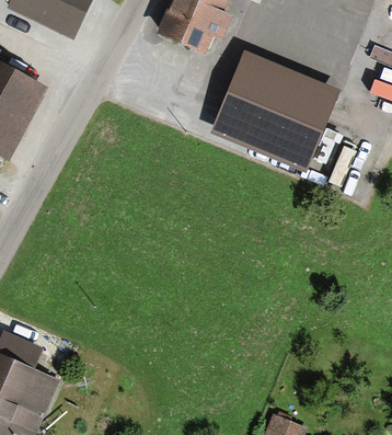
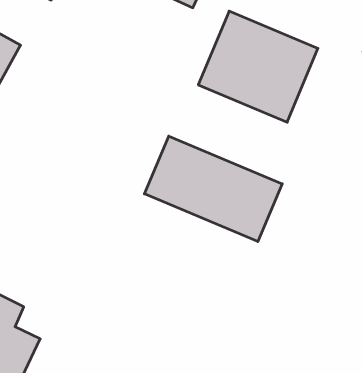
building: none -> [144,136,282,242]

